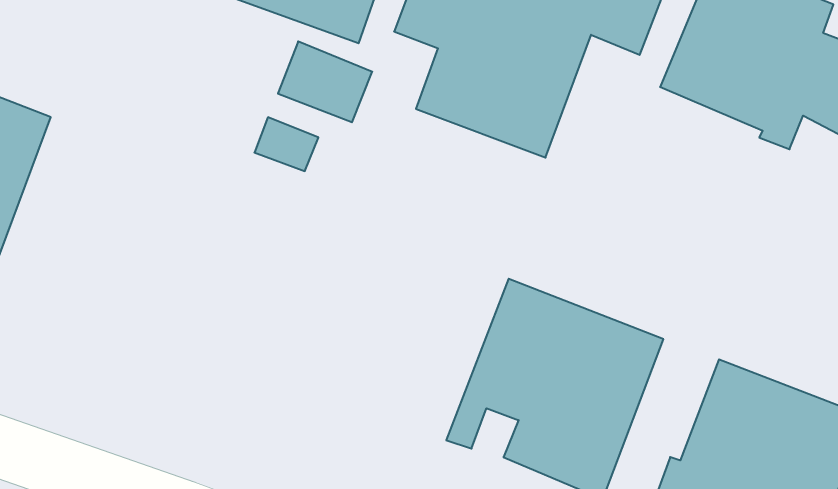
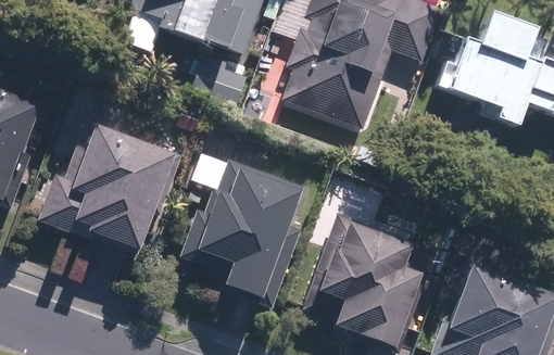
building: none -> [53,119,182,251]
building: none -> [184,159,306,301]

